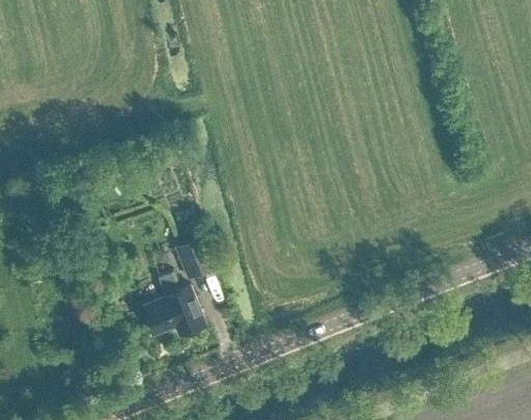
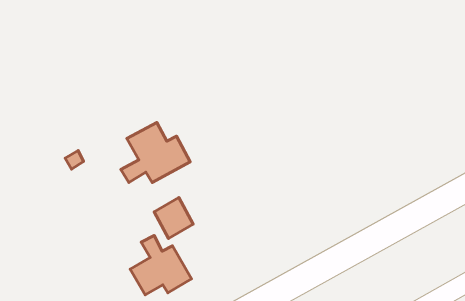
building: none -> [121,123,190,183]

